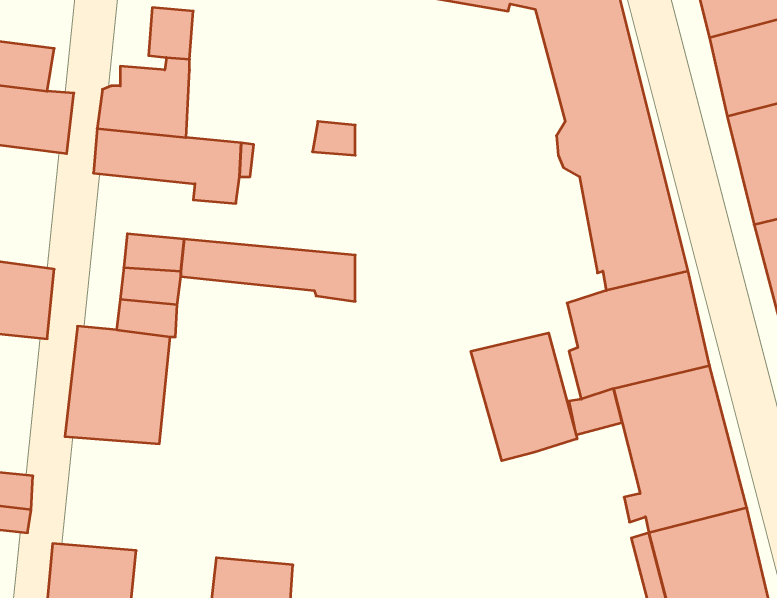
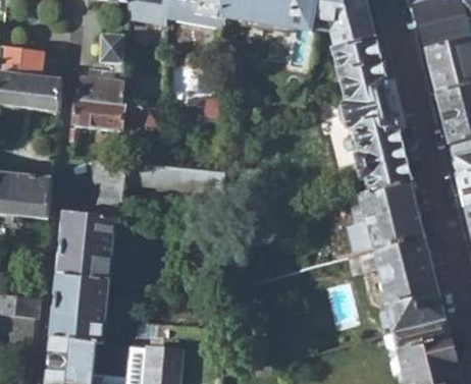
building: [471,333,577,461] -> none
building: none -> [49,275,110,341]

